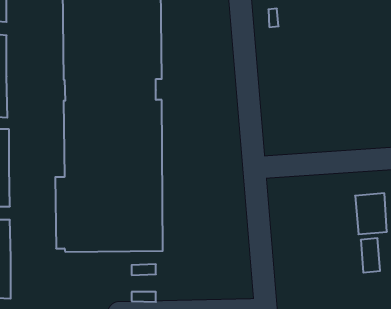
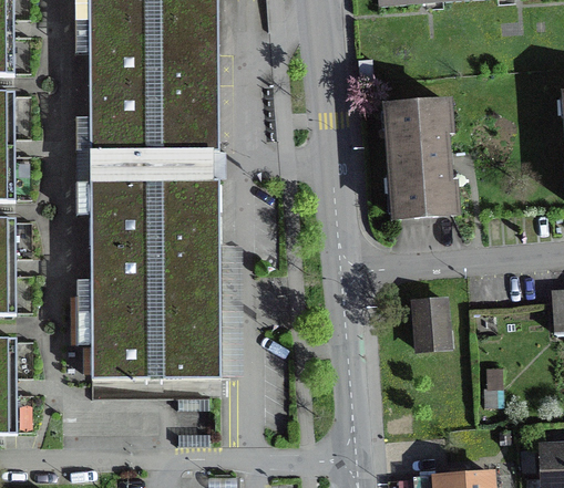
building: none -> [382,96,460,221]
building: [355,193,387,234] -> [411,295,453,350]

